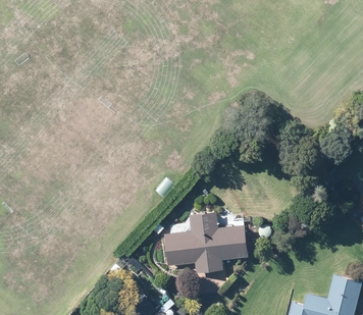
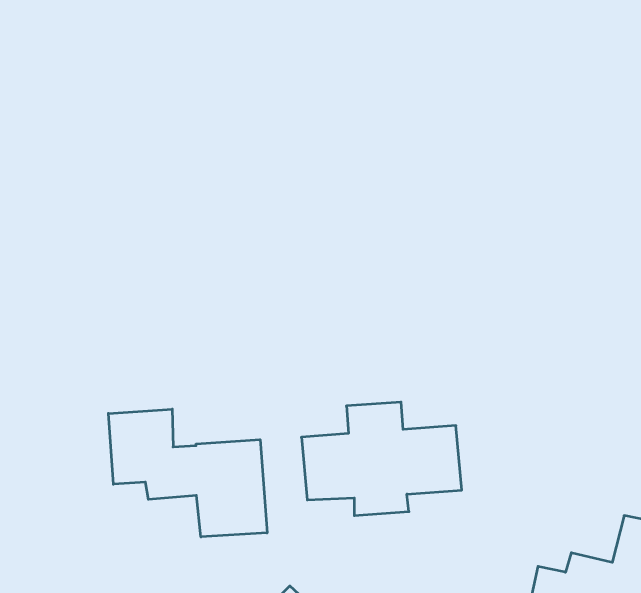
building: none -> [108,409,267,537]

